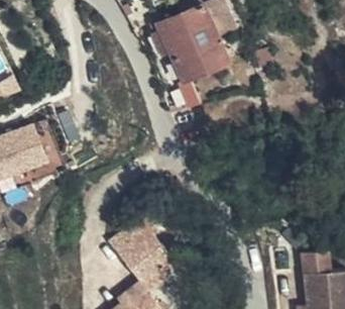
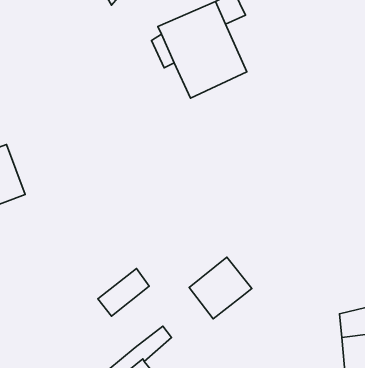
building: [121,235,171,285] -> [189,257,252,319]

